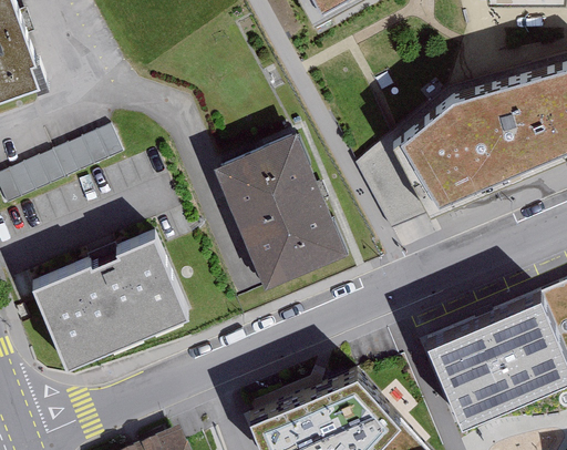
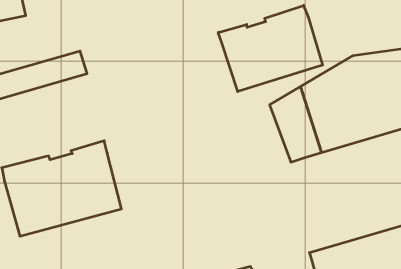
building: none -> [218,5,323,92]
building: [214,136,344,290] -> none

